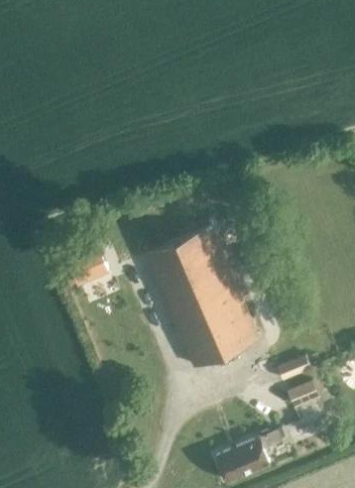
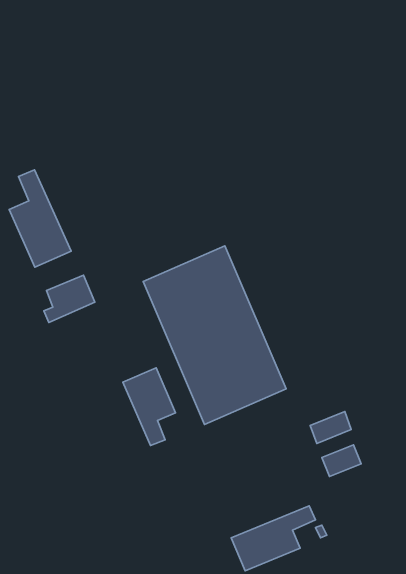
building: none -> [9,170,71,267]
building: none -> [123,368,176,445]

